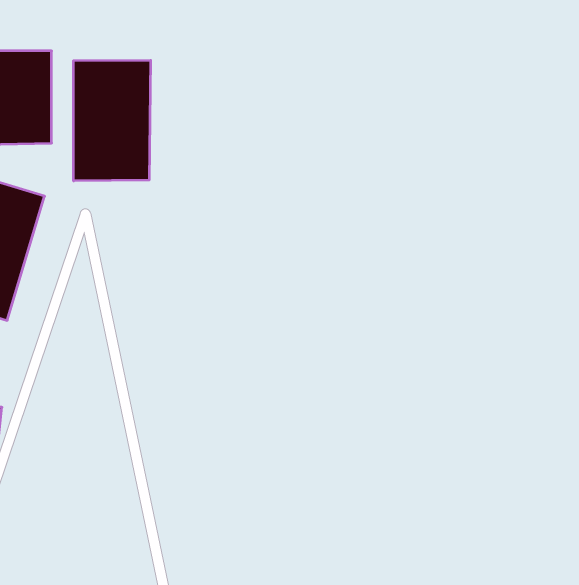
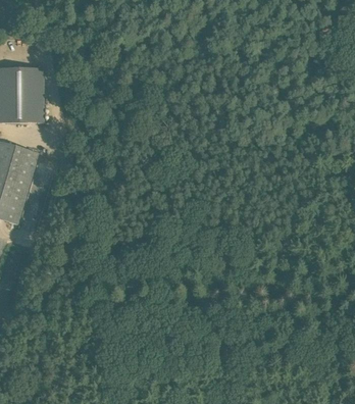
building: [74,60,151,181] -> none

